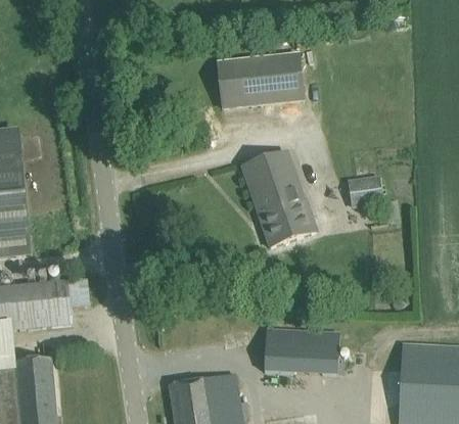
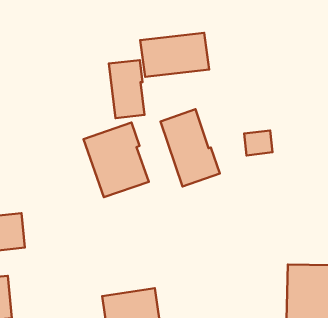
building: none -> [109,60,144,118]
building: none -> [83,123,149,197]
building: [264,326,338,371] -> none

